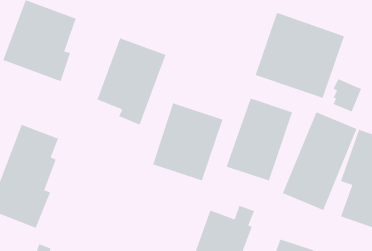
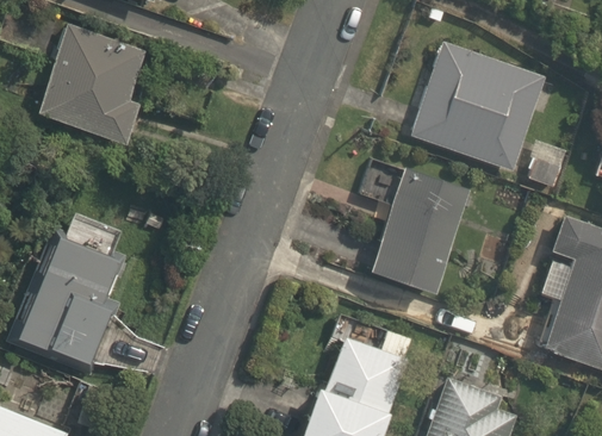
building: [97,37,166,126] -> none
building: [152,102,223,181] -> none
building: [282,112,357,211] -> none

